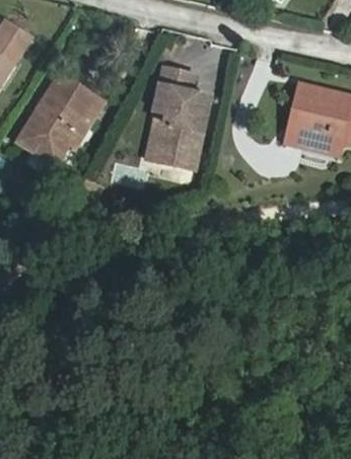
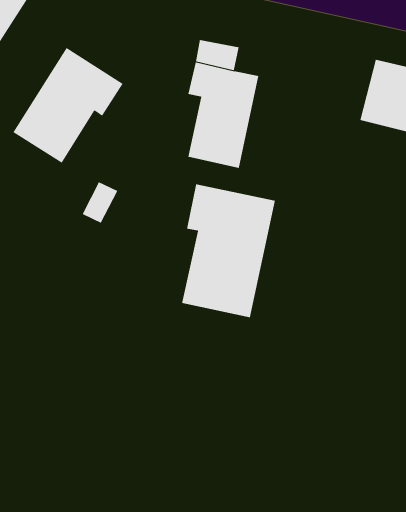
building: none -> [182,183,276,318]

